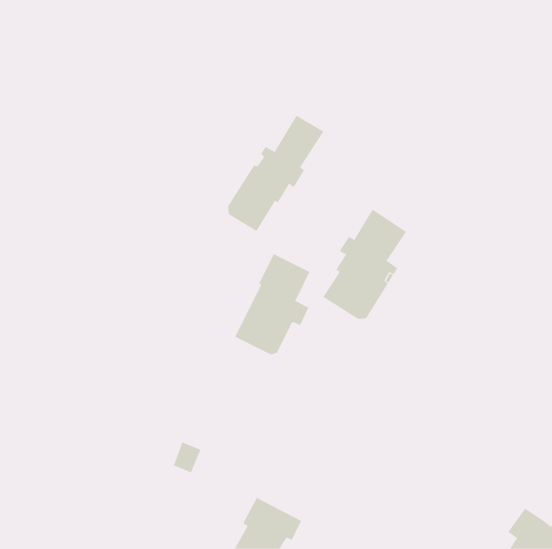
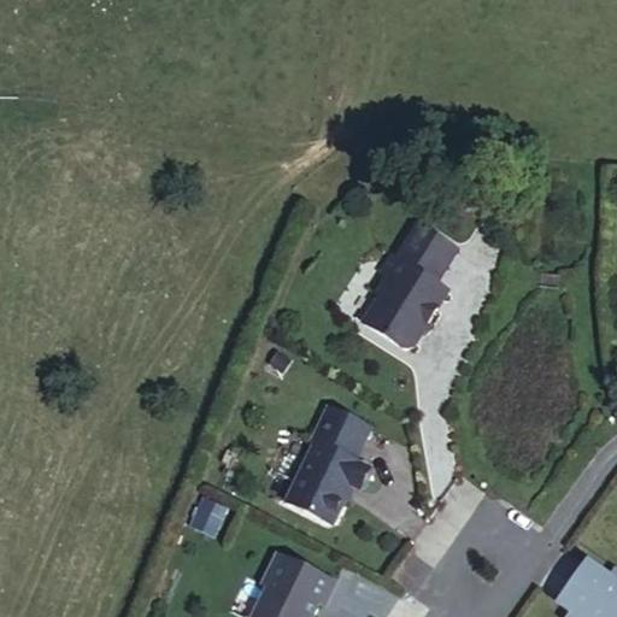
building: [228,115,324,232] -> none
building: [234,253,310,355] -> [283,404,368,517]

